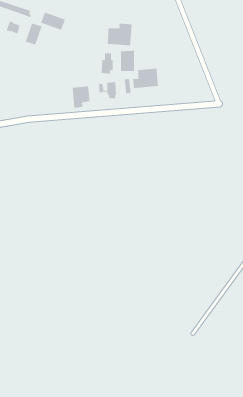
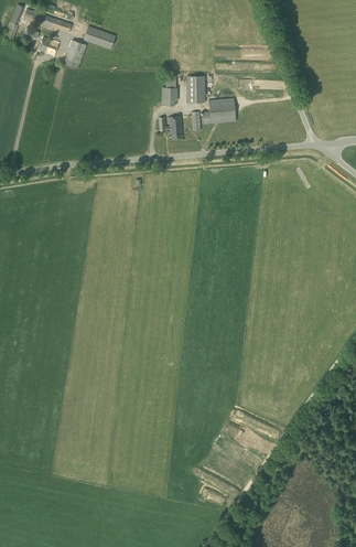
building: [107,23,132,46] -> none
building: [72,86,90,108] -> none

